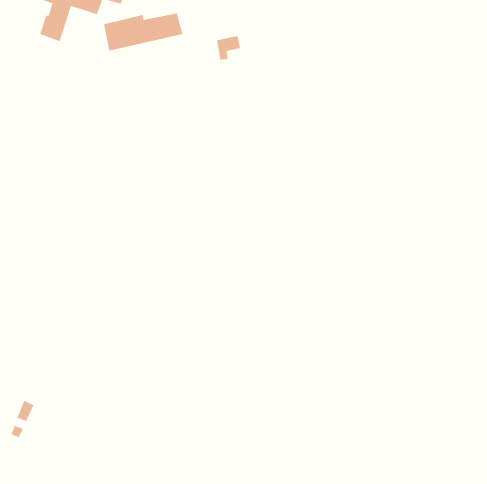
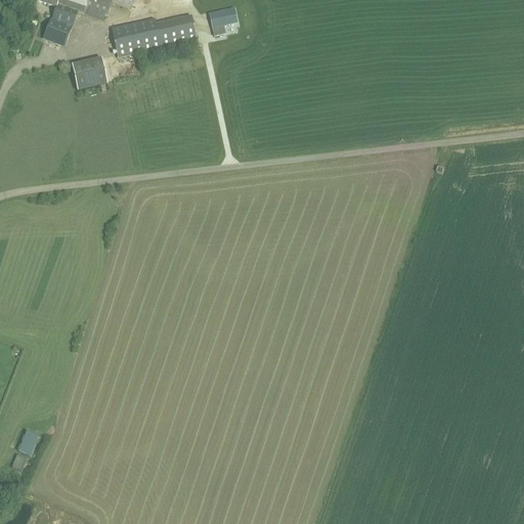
building: [216,35,241,61] -> [209,6,235,34]
building: none -> [74,52,106,85]

